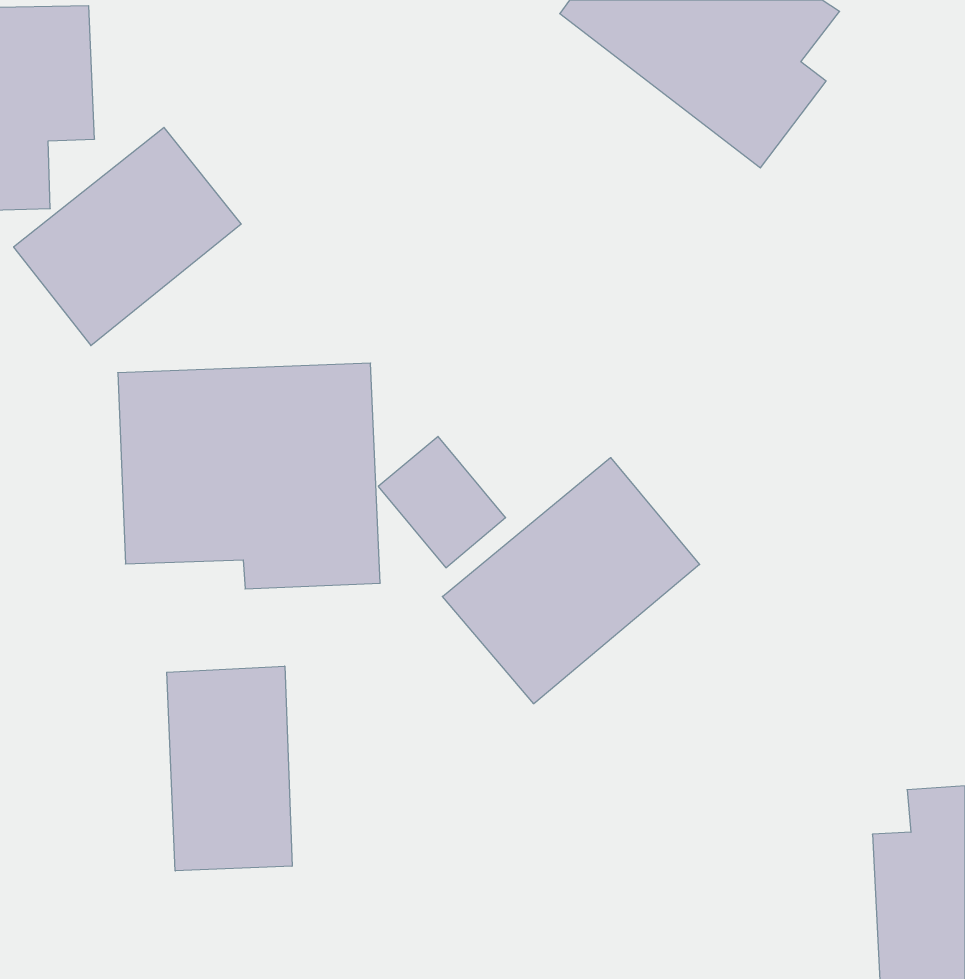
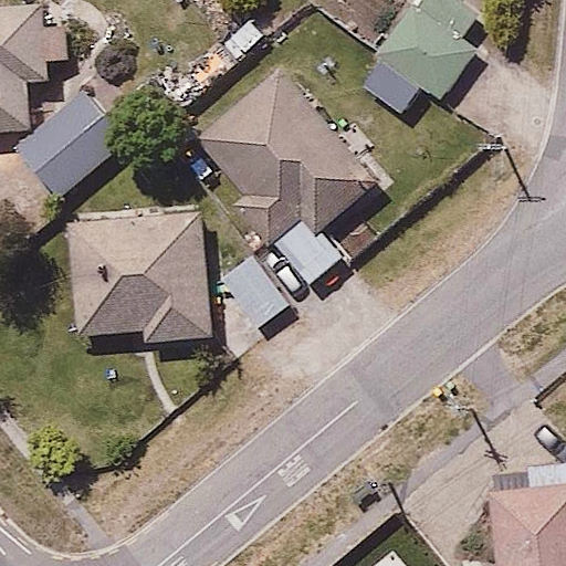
building: none -> [185,71,371,289]
building: [442,458,700,704] -> none
building: [167,666,292,871] -> none

